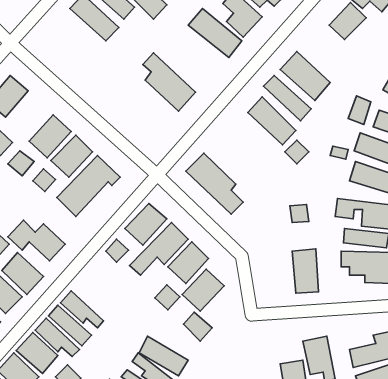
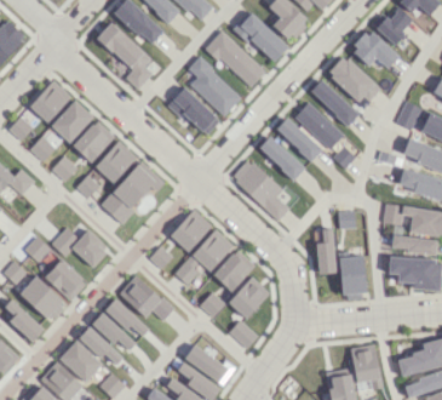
building: none -> [97,23,153,90]
building: none -> [351,29,398,69]
building: none -> [206,30,265,87]
building: none -> [170,87,220,137]
building: none -> [51,99,93,143]
building: none -> [275,118,322,161]
building: none -> [259,136,305,181]
building: none -> [317,229,334,274]
building: none -> [119,275,173,321]

